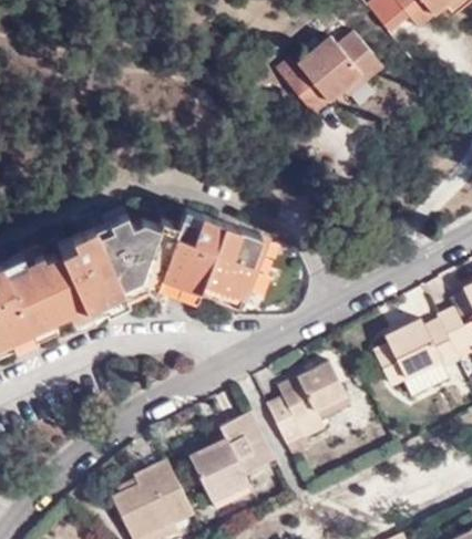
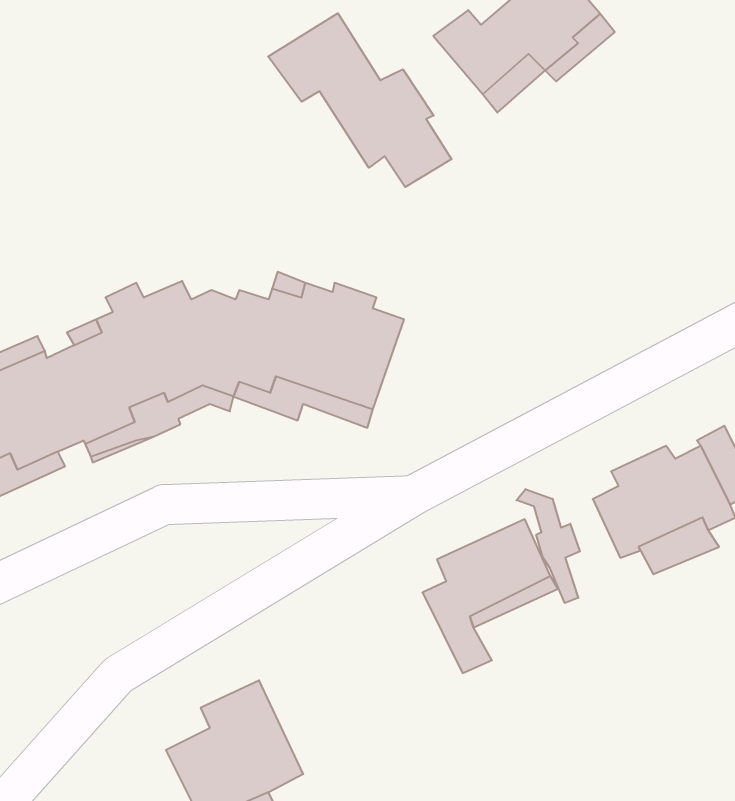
building: none -> [268,13,452,187]
building: none -> [516,489,580,603]
building: [191,413,275,509] -> none

